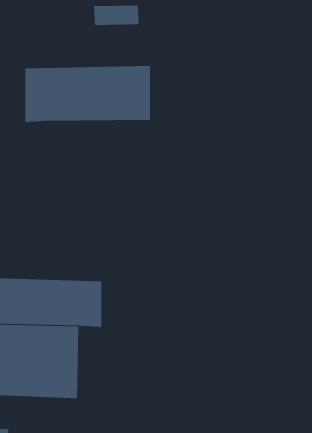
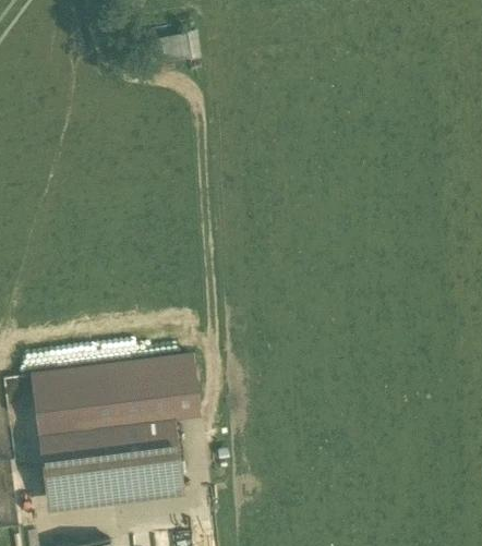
building: [25,65,151,123] -> none

